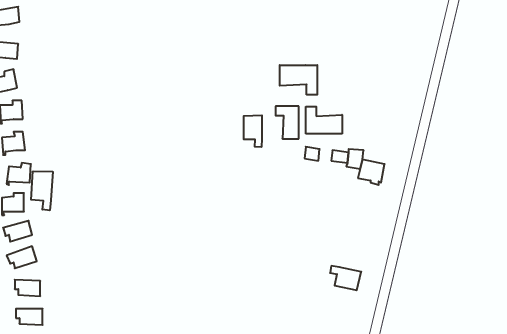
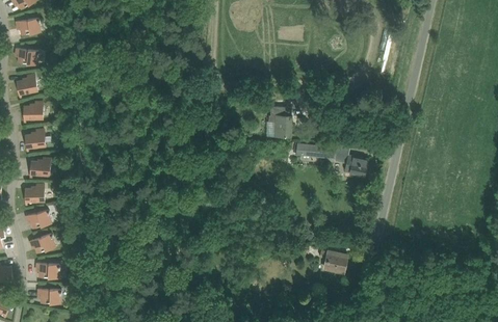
building: [280,65,317,95] -> none
building: [306,107,342,134] -> none
building: [244,115,262,147] -> none
building: [31,171,53,210] -> none

